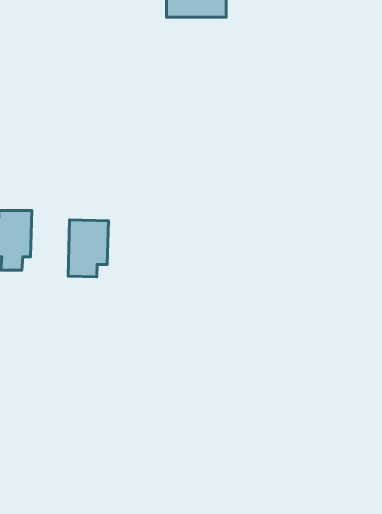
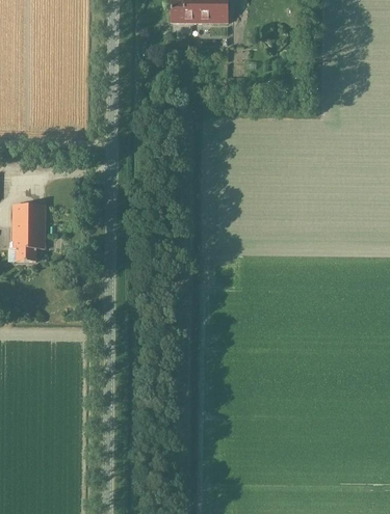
building: [68,220,108,277] -> none

